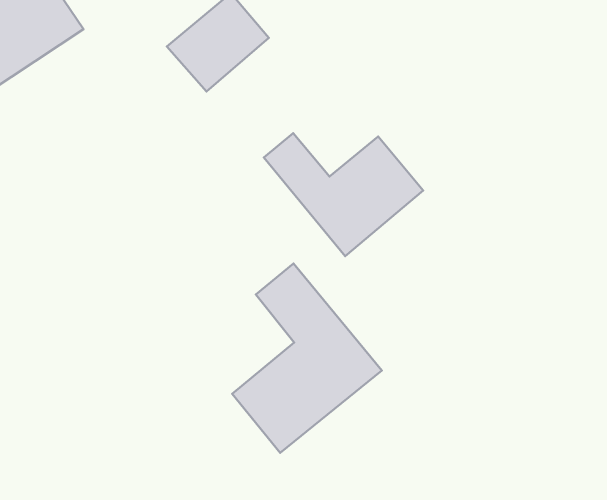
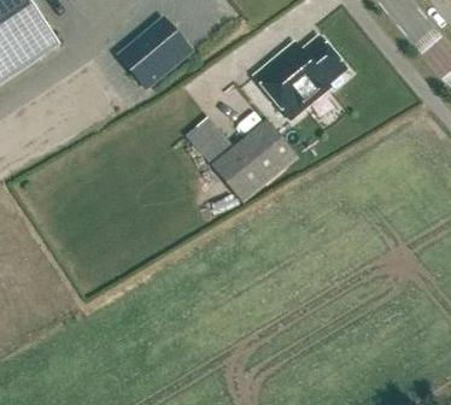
building: none -> [254,36,345,119]
building: [232,263,382,453] -> none

